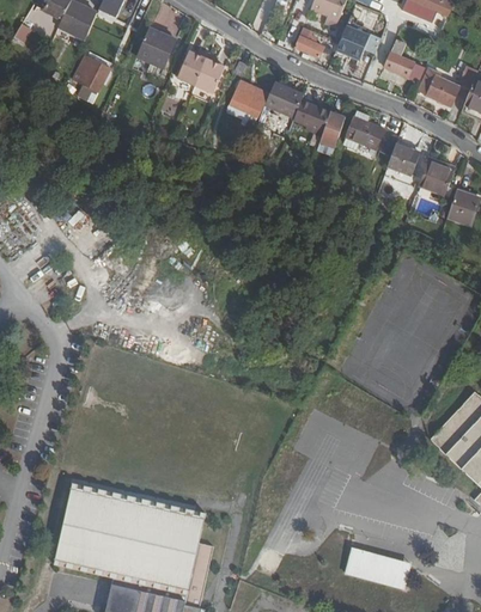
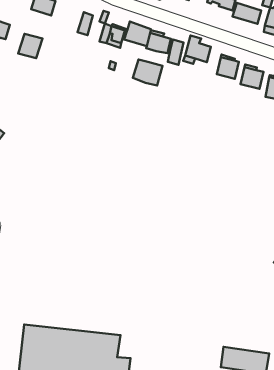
building: [175,53,211,88] -> [18,34,42,58]
building: none -> [133,60,163,85]

